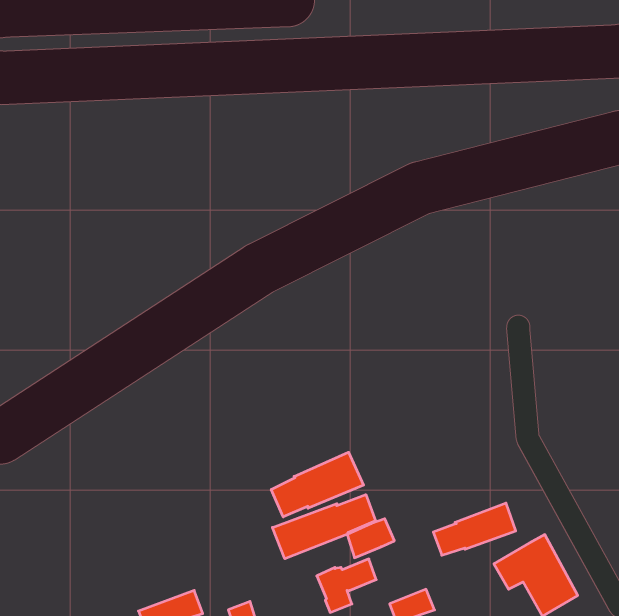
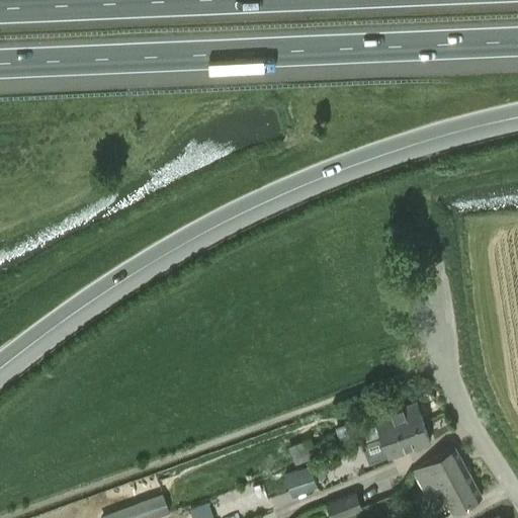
building: [271,452,364,517] -> none
building: none -> [374,405,423,439]
building: [272,495,376,559] -> none

